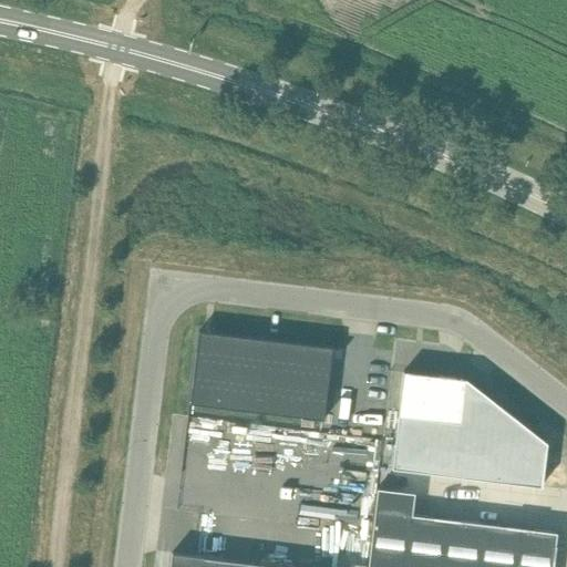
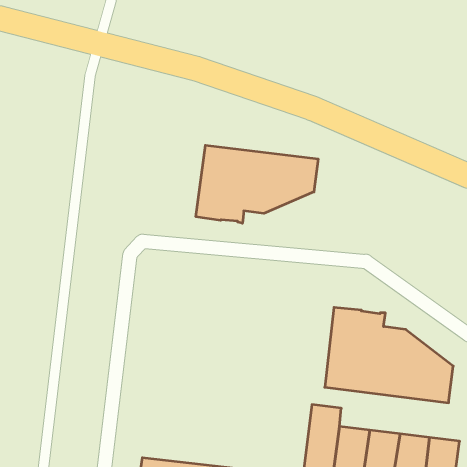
building: none -> [196,145,318,223]
building: [192,333,334,422] -> none

